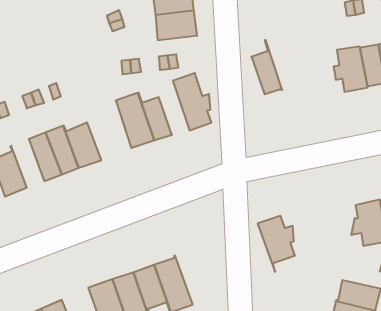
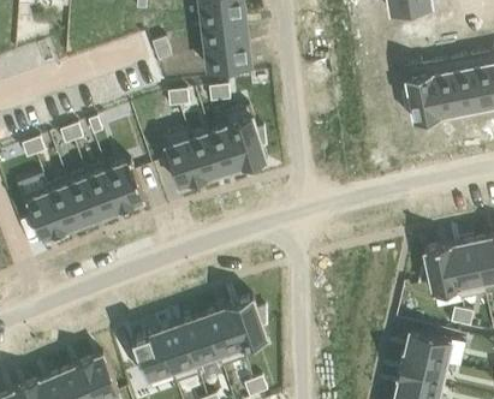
building: [251,40,282,94] -> [209,114,243,173]
building: none -> [48,178,84,231]
building: [258,216,295,272] -> [227,297,268,358]

